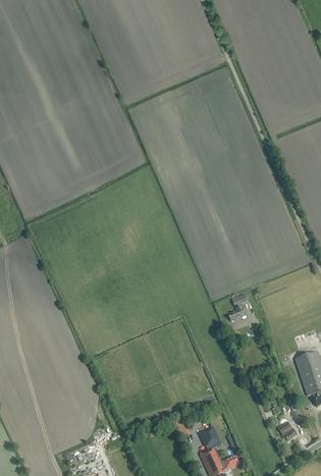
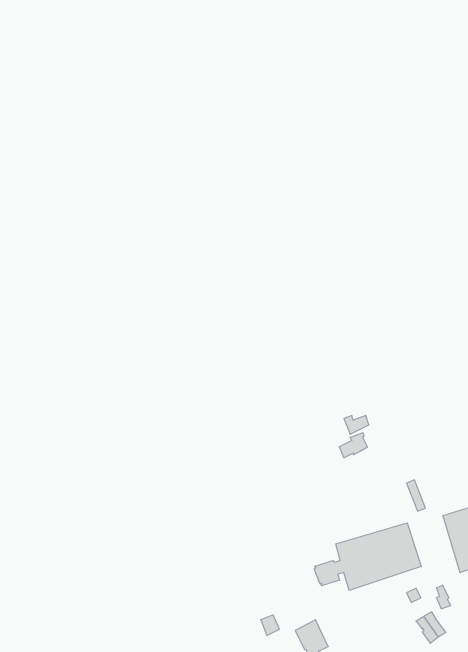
building: none -> [314,523,421,590]

